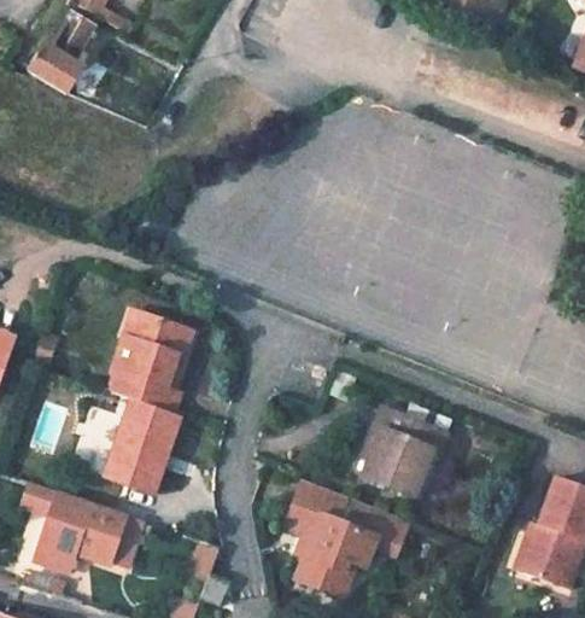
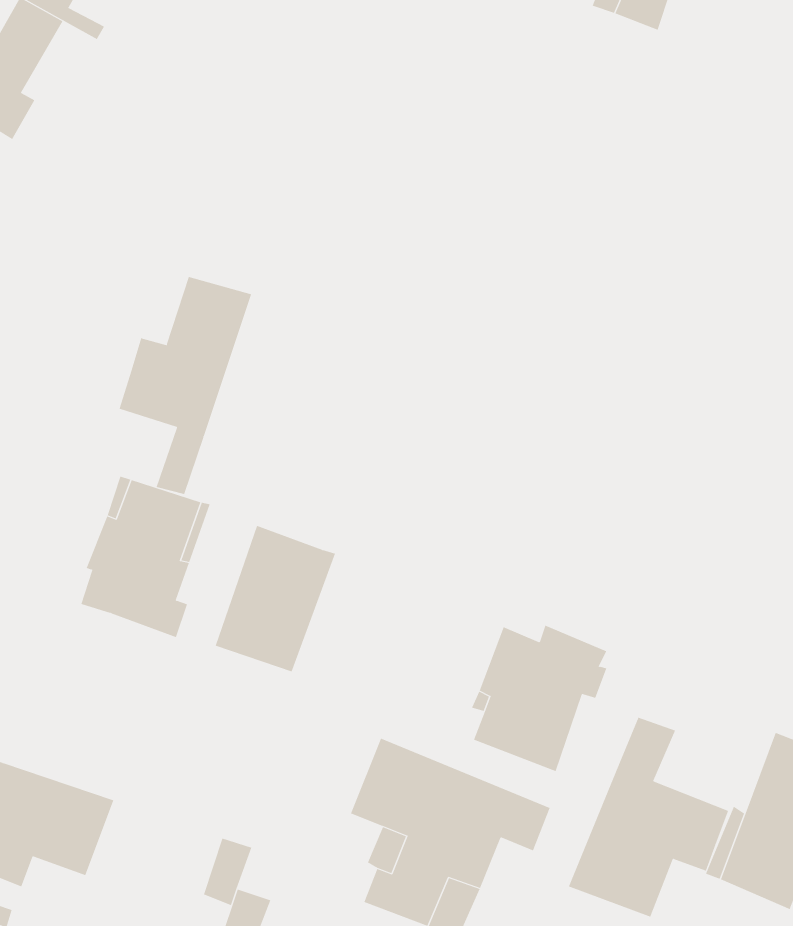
building: none -> [119,276,252,495]
building: [103,398,180,492] -> [215,525,336,672]
building: none -> [568,717,729,917]

